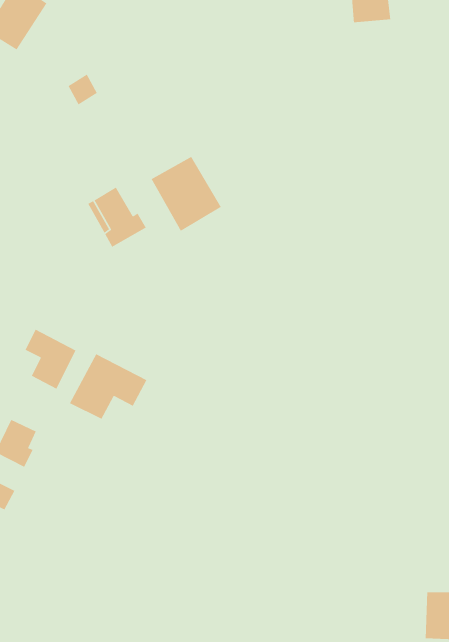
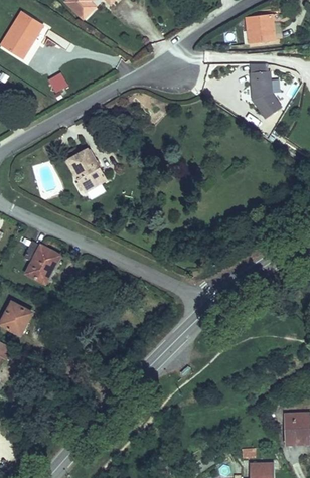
building: none -> [255,65,287,122]
building: [151,156,222,232] -> none
building: [69,353,148,420] -> none

